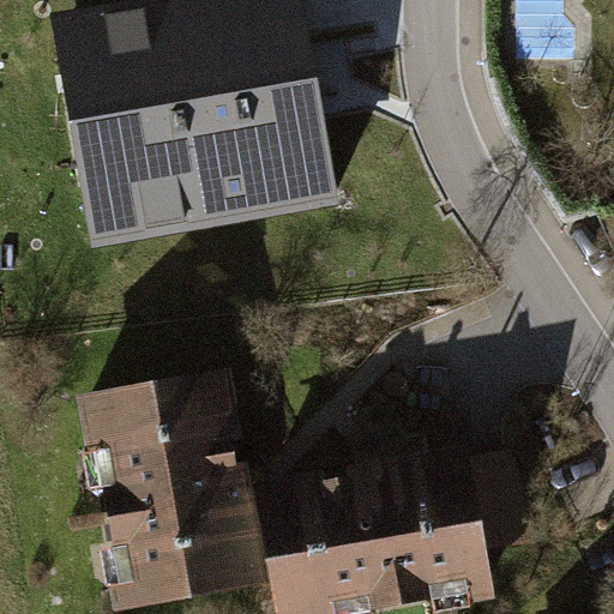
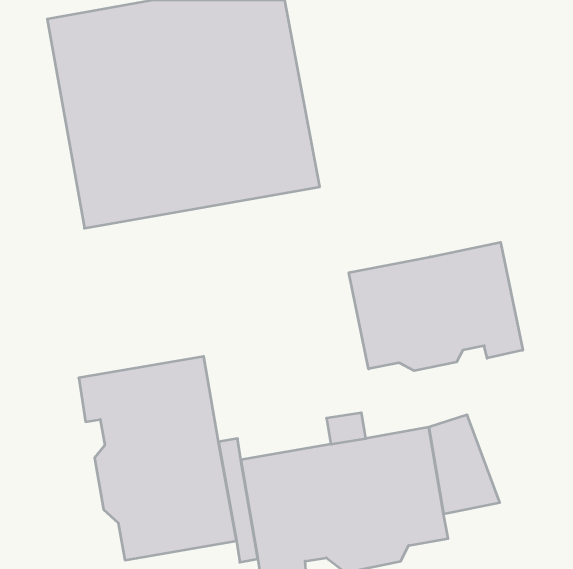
building: none -> [349,242,523,371]

